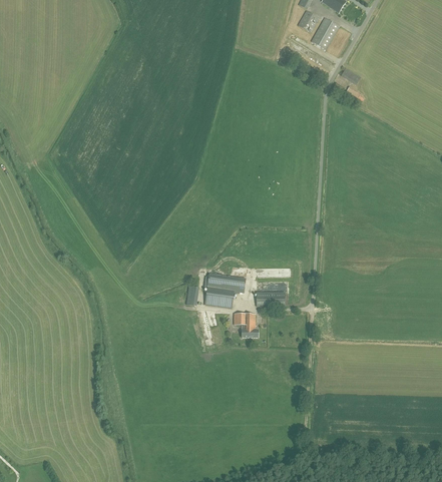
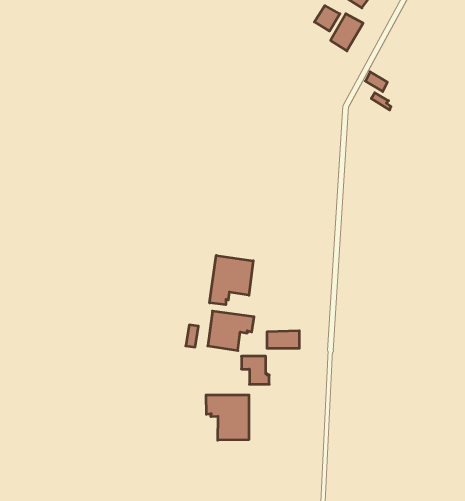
building: none -> [210,255,253,305]
building: none -> [206,395,249,440]

